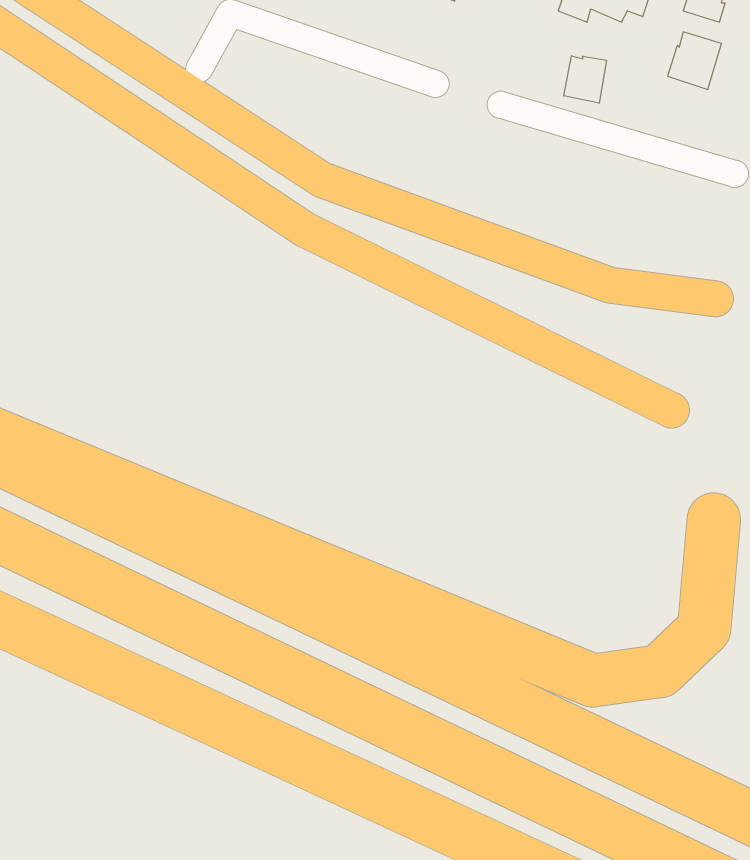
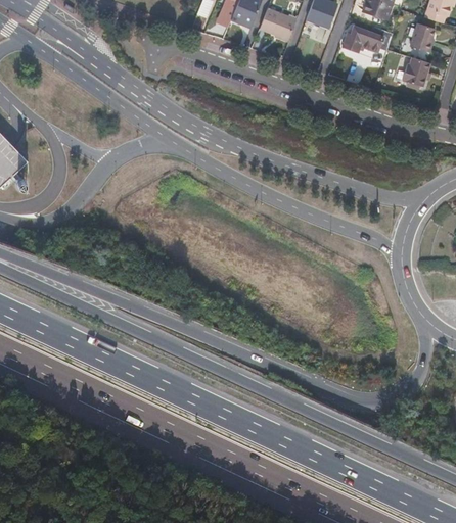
building: [564,56,606,103] -> none

